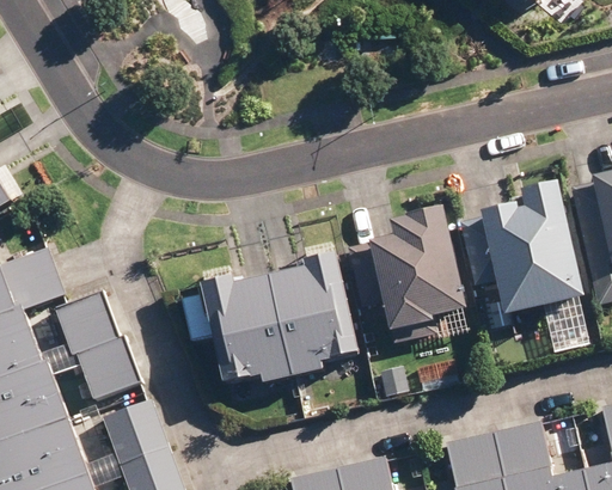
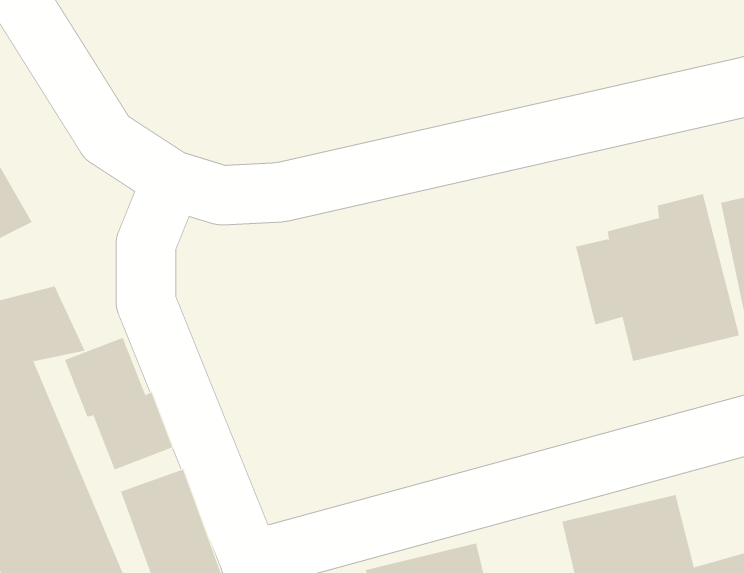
building: [342,202,469,333] -> none
building: [200,250,360,382] -> none

